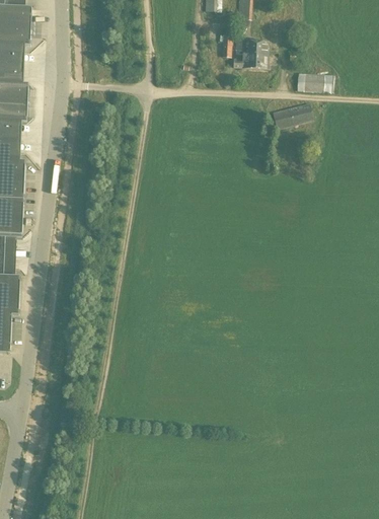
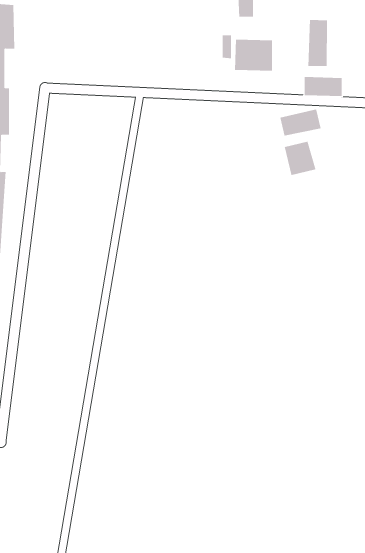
building: none -> [308,19,327,67]
building: none -> [284,141,316,176]

